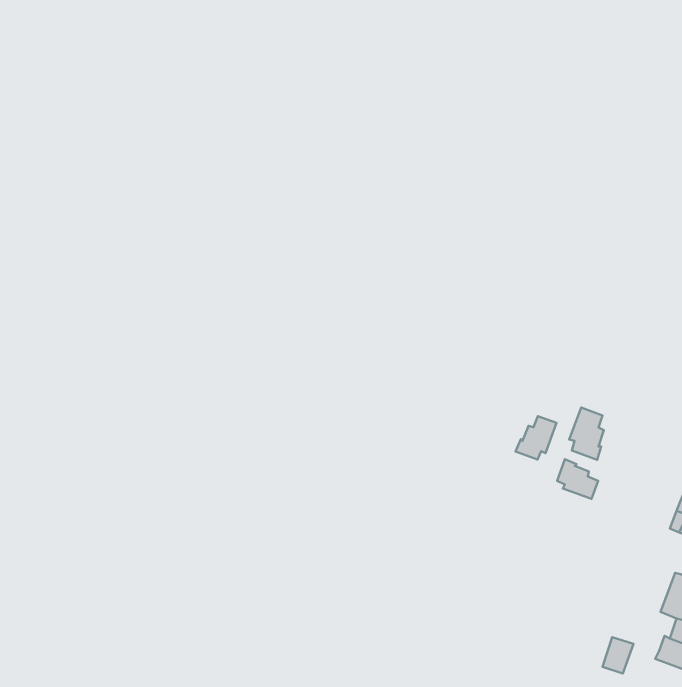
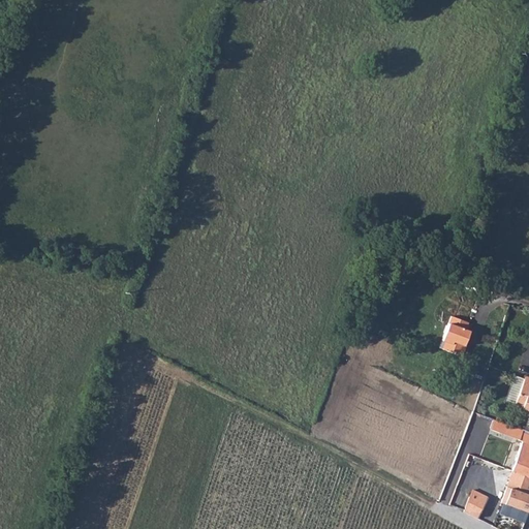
building: [515,416,556,460] -> none
building: [557,459,598,499] -> none

